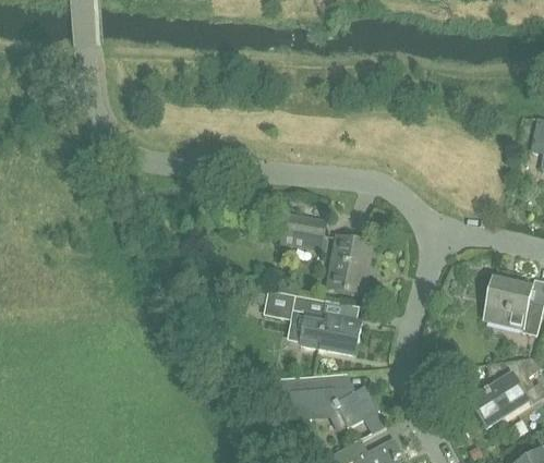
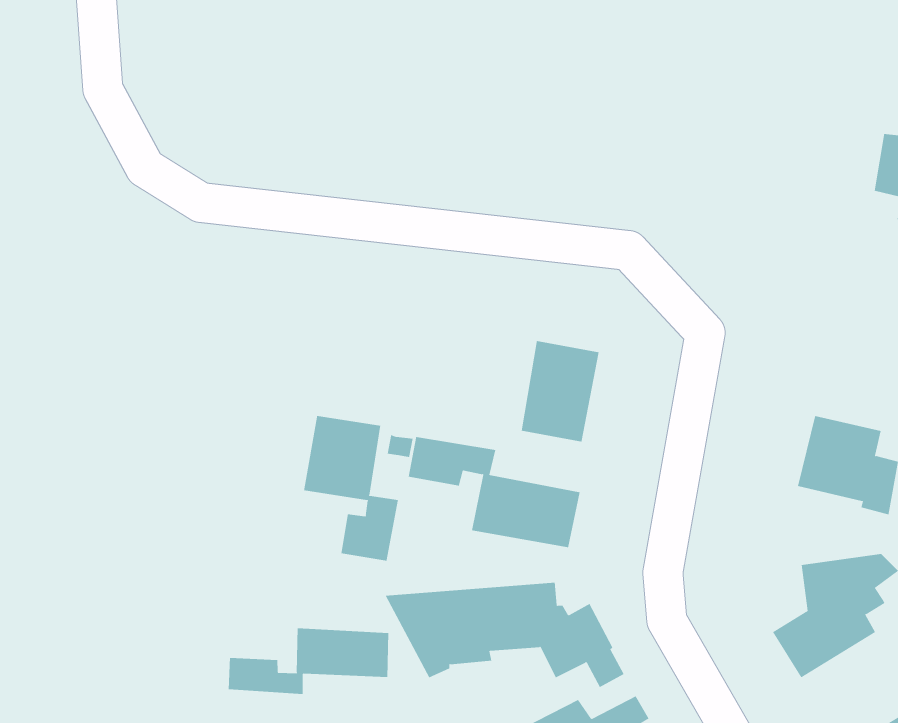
building: [277,215,324,252] -> none
building: none -> [304,415,399,561]
building: none -> [228,627,389,695]

